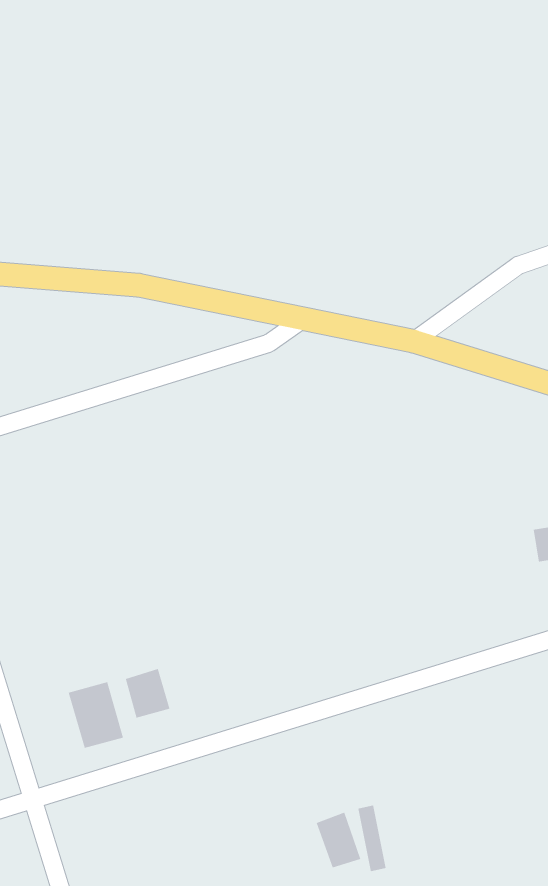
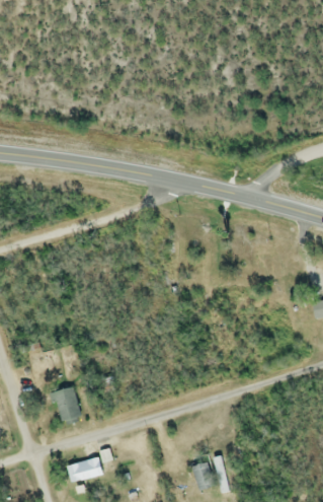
building: [125,668,170,718] -> none
building: none -> [65,456,102,484]

